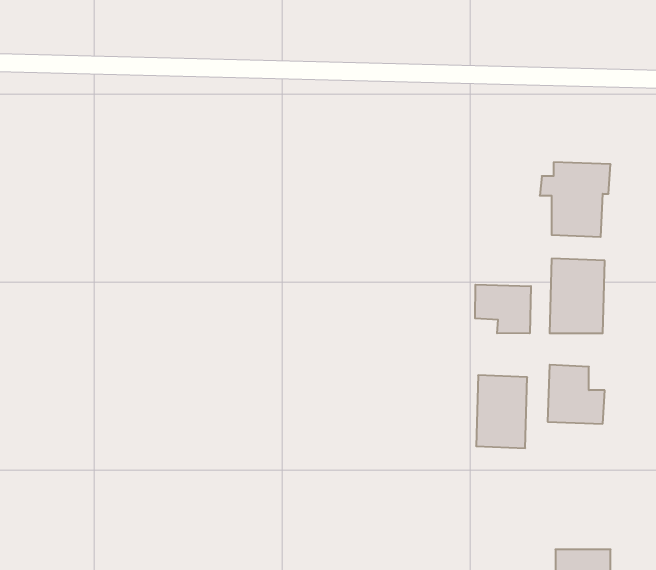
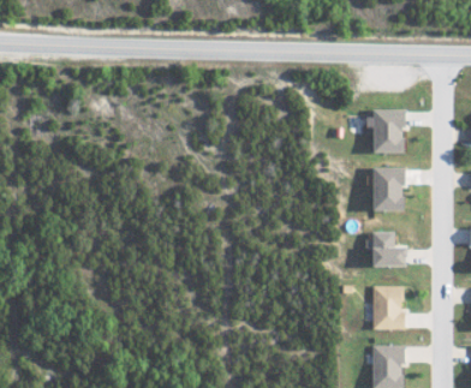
building: [475,285,531,333] -> none
building: [476,375,527,448] -> [374,285,405,329]

